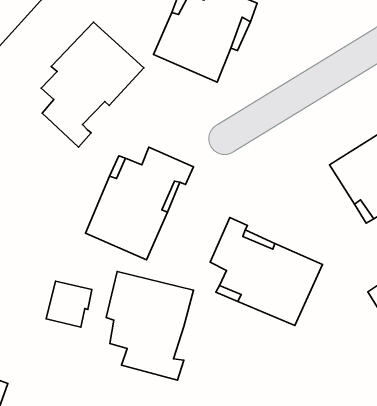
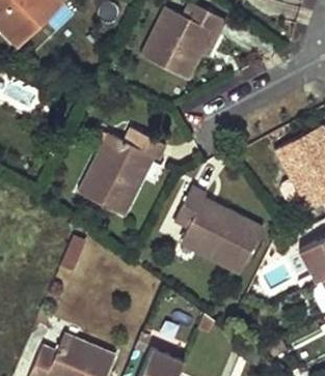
building: [41,22,144,147] -> none
building: [106,271,194,380] -> none

